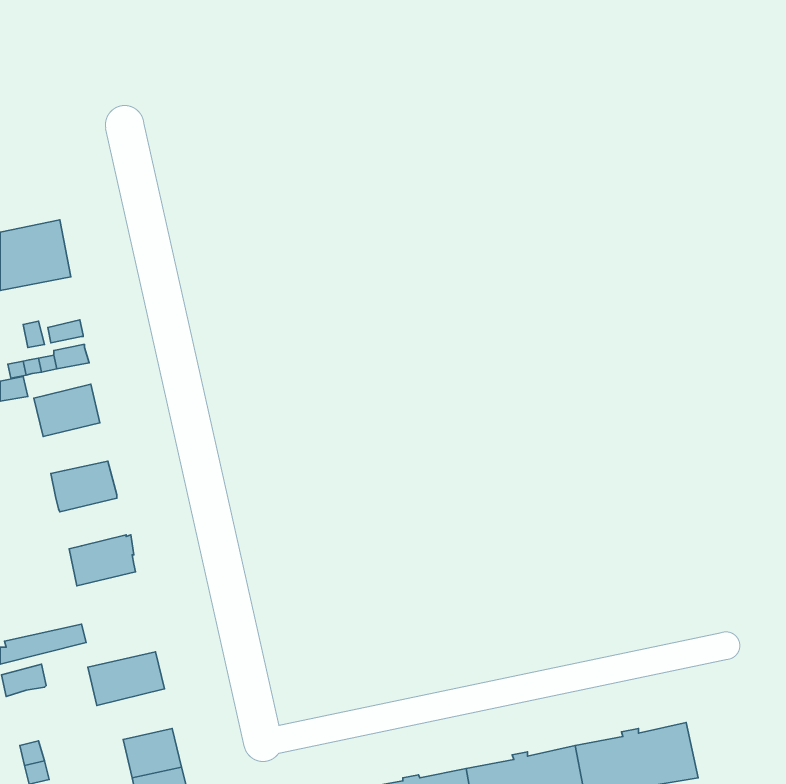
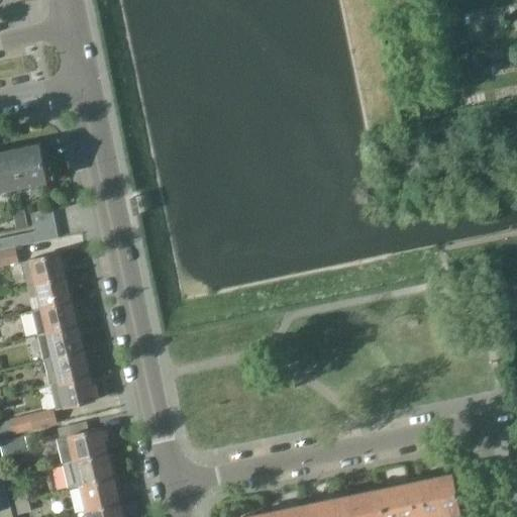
building: none -> [28,279,73,310]
building: none -> [39,328,83,361]
building: none -> [50,377,95,410]
building: none -> [64,453,115,490]

